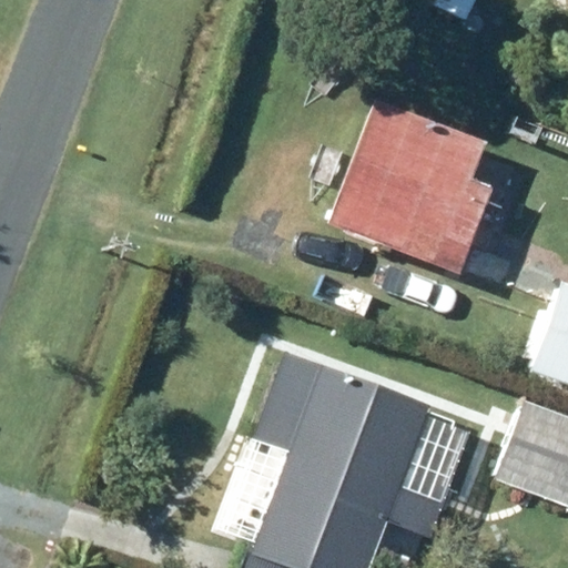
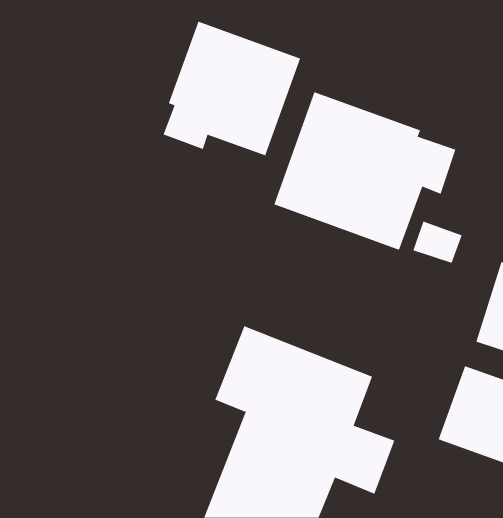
building: none -> [163,21,301,156]

